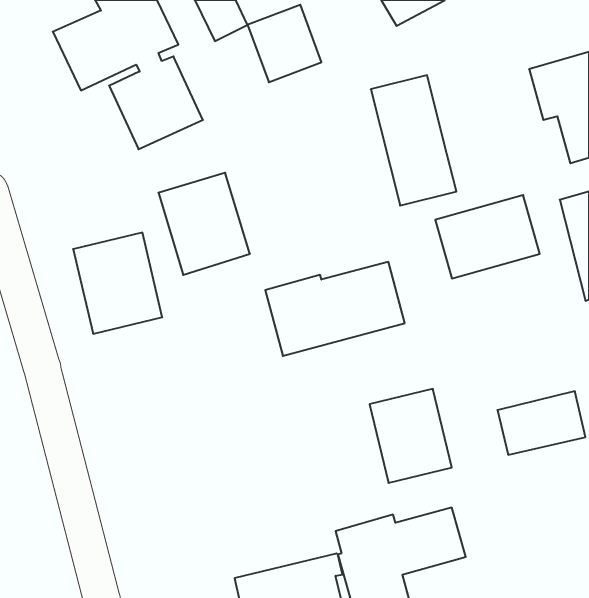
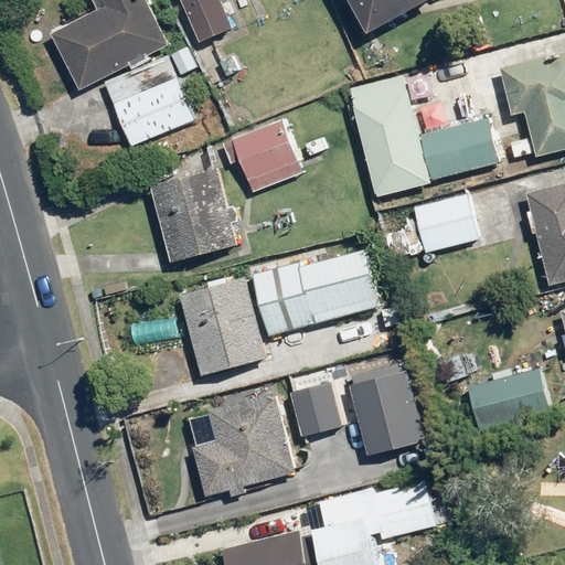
building: [248,5,321,82] -> [231,119,300,192]
building: none -> [417,117,500,182]
building: [73,233,162,334] -> [181,278,265,373]
building: none -> [289,381,341,435]
building: none -> [190,393,295,497]

